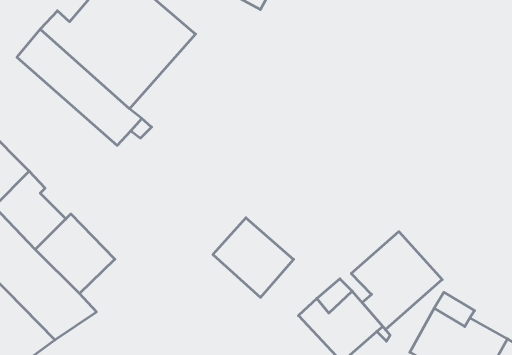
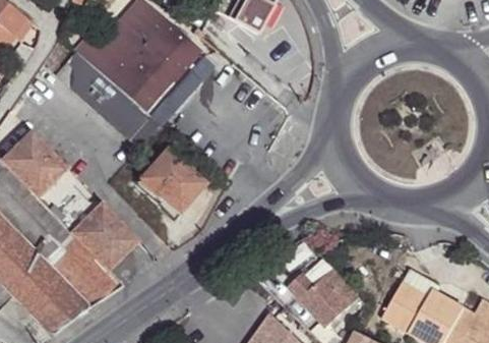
building: [213,218,294,297] -> [139,147,206,213]
building: [351,232,442,330] -> none

